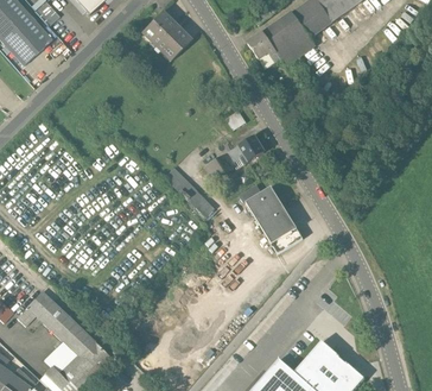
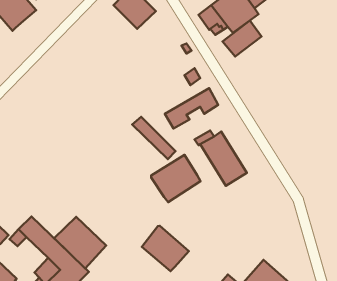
building: none -> [223,20,261,57]
building: none -> [151,155,201,202]
building: none -> [54,217,106,268]
building: none -> [142,226,189,271]

